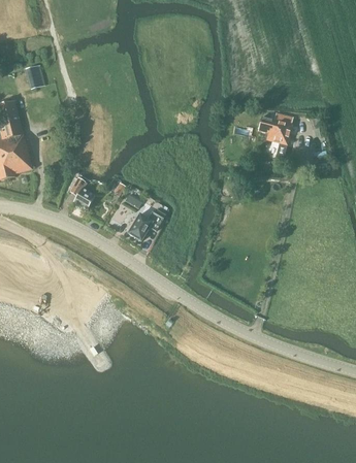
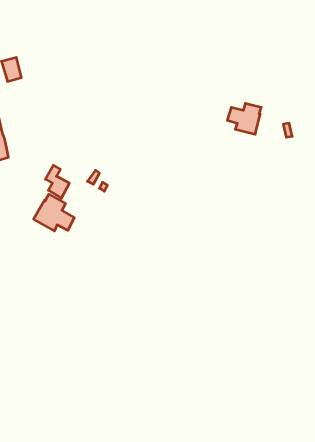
building: none -> [34,194,74,231]
building: [128,211,163,240] -> none

